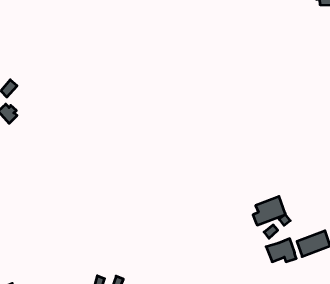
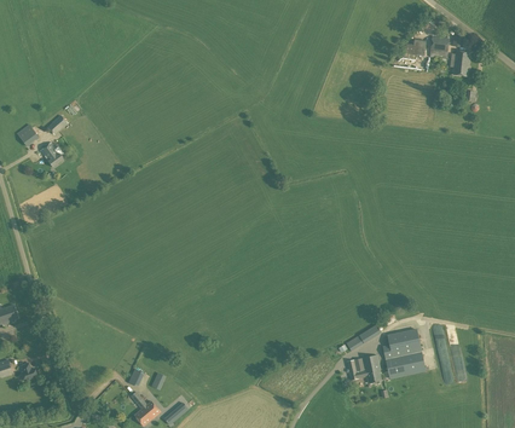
building: [253,196,285,225] -> [381,328,421,359]

